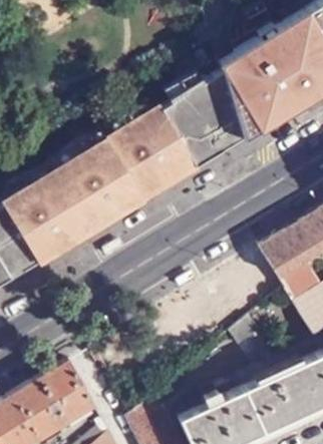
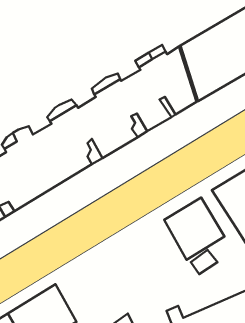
building: none -> [164,198,225,260]

